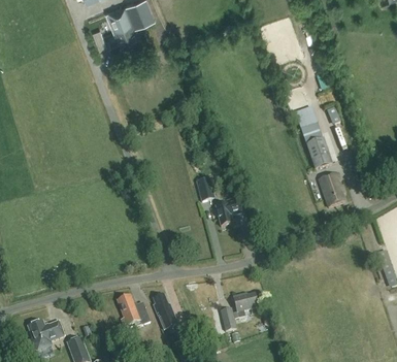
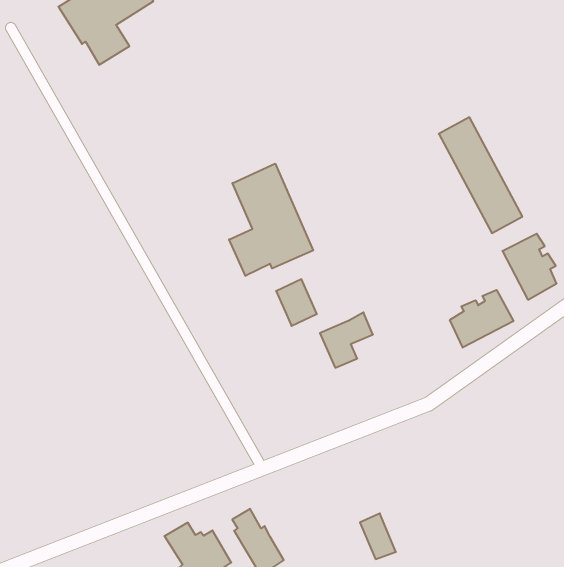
building: none -> [229,164,313,276]
building: none -> [450,290,513,348]
building: [233,292,260,317] -> none

